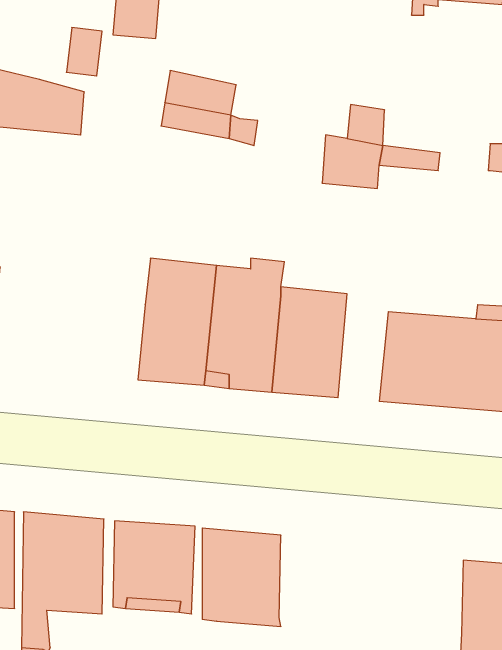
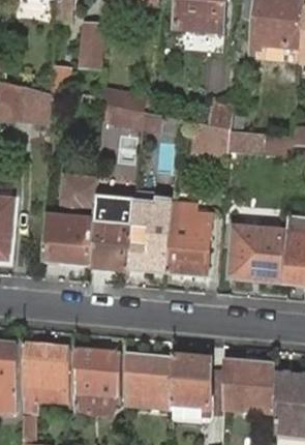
building: none -> [42,176,93,265]
building: none -> [171,355,210,416]
building: none -> [223,359,277,412]

